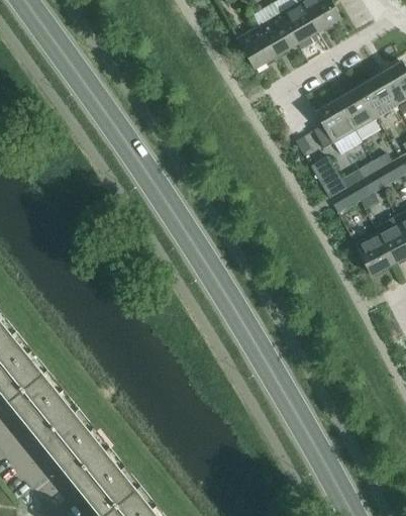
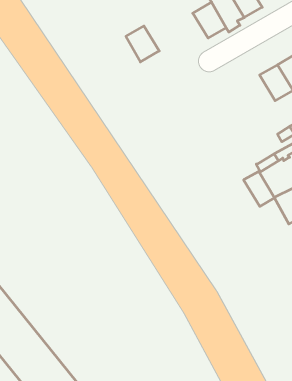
building: [236,28,276,71] -> [126,26,159,62]
building: [312,101,354,149] -> none
building: [309,158,345,199] -> [244,171,274,206]

